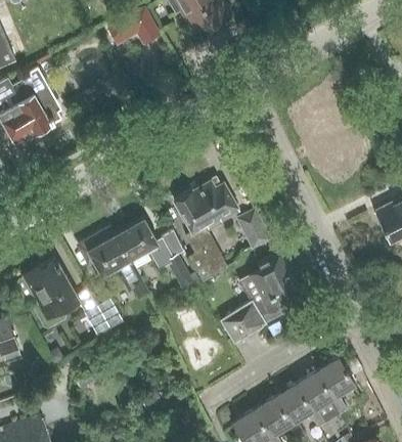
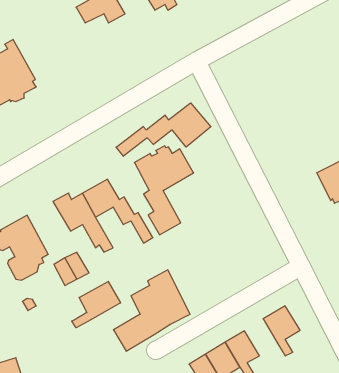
building: none -> [116,103,211,156]
building: [237,210,270,248] -> none
building: [221,254,306,344] -> [113,270,190,351]
building: none -> [72,281,121,328]
building: [295,373,331,428] -> none

